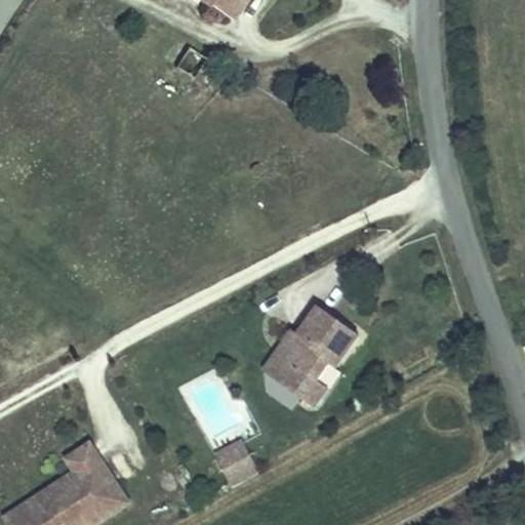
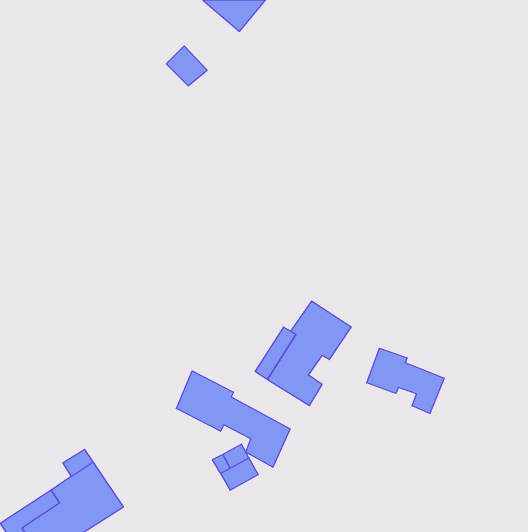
building: none -> [367,348,444,414]
building: none -> [176,371,290,467]

